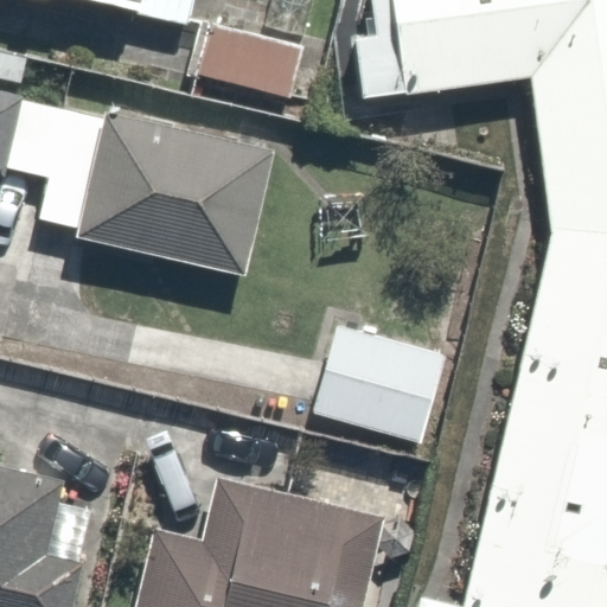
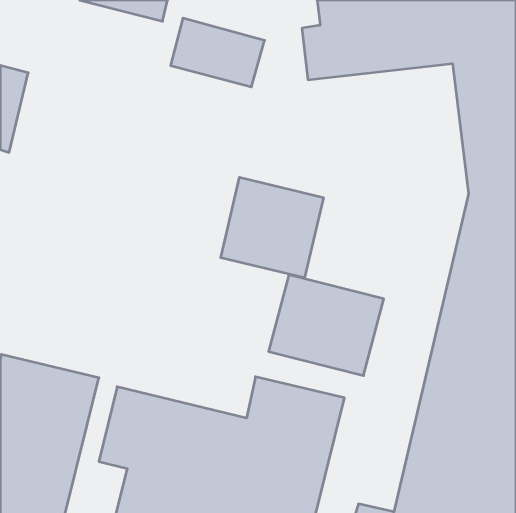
building: [43,96,281,280] -> none
building: none -> [221,177,323,278]

